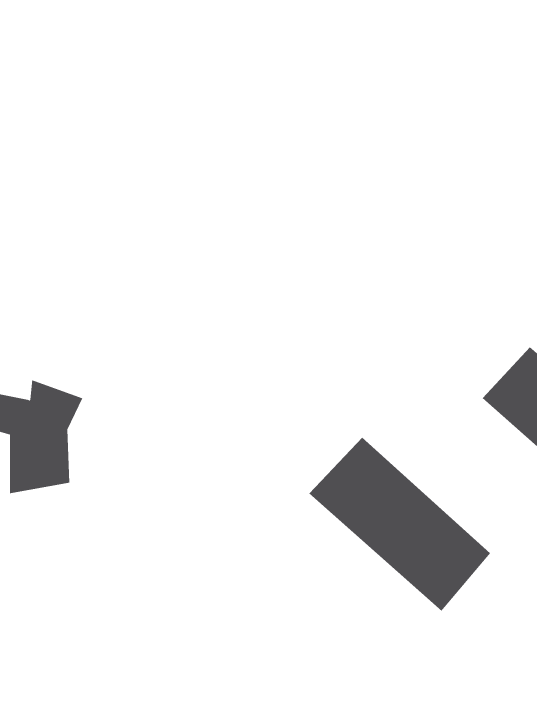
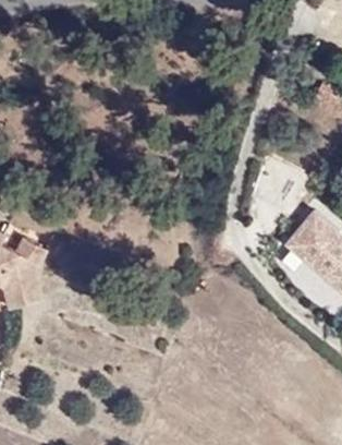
building: [308,437,491,611] -> none

